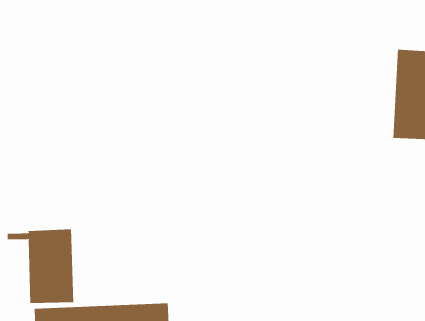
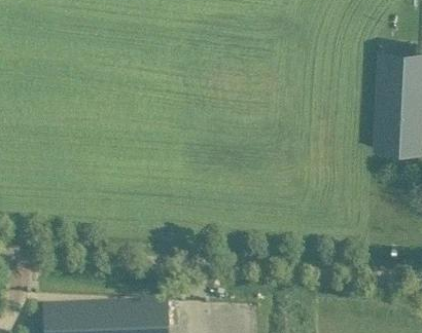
building: [7,228,74,304] -> none

